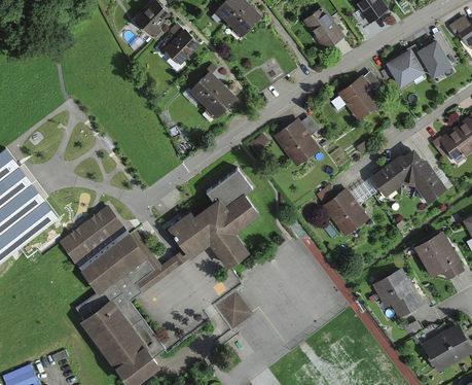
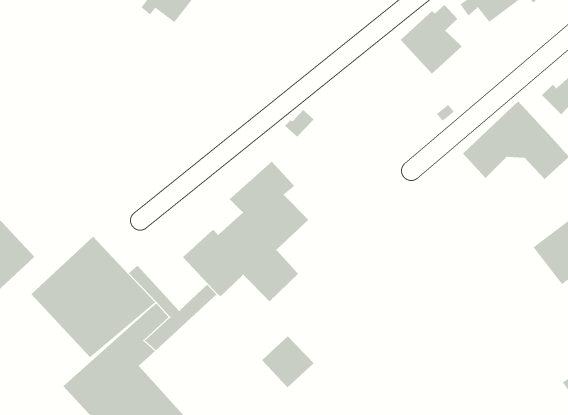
building: [189,63,243,118] -> none
building: [273,117,320,167] -> none
building: [318,189,367,236] -> none
building: [372,268,422,320] -> none

